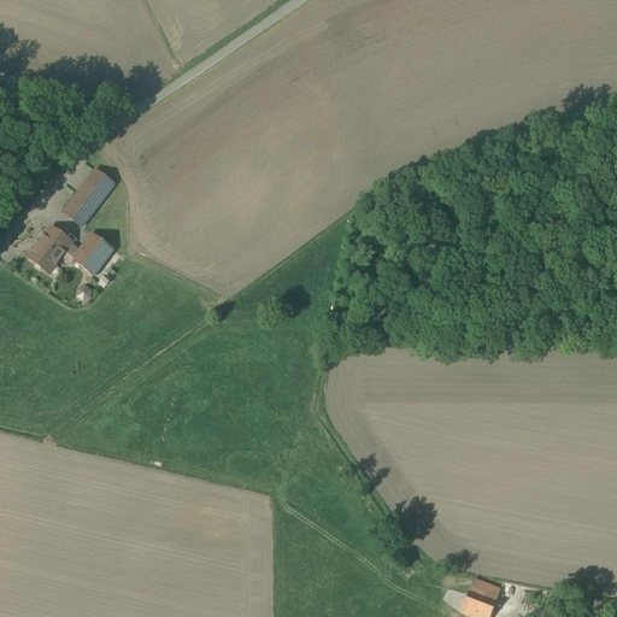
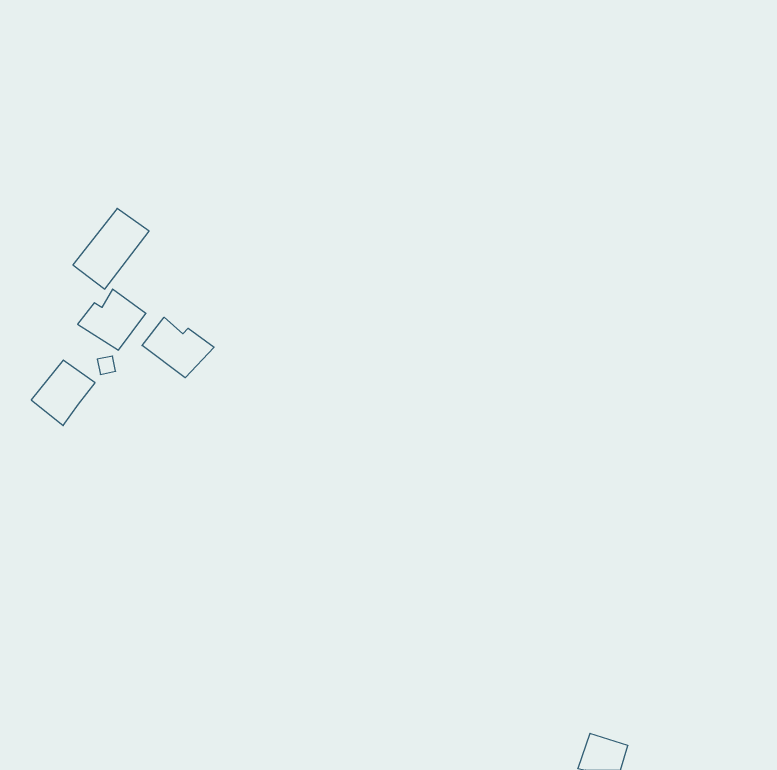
building: [24,222,75,274] -> [31,360,95,426]
building: none -> [142,317,214,378]

